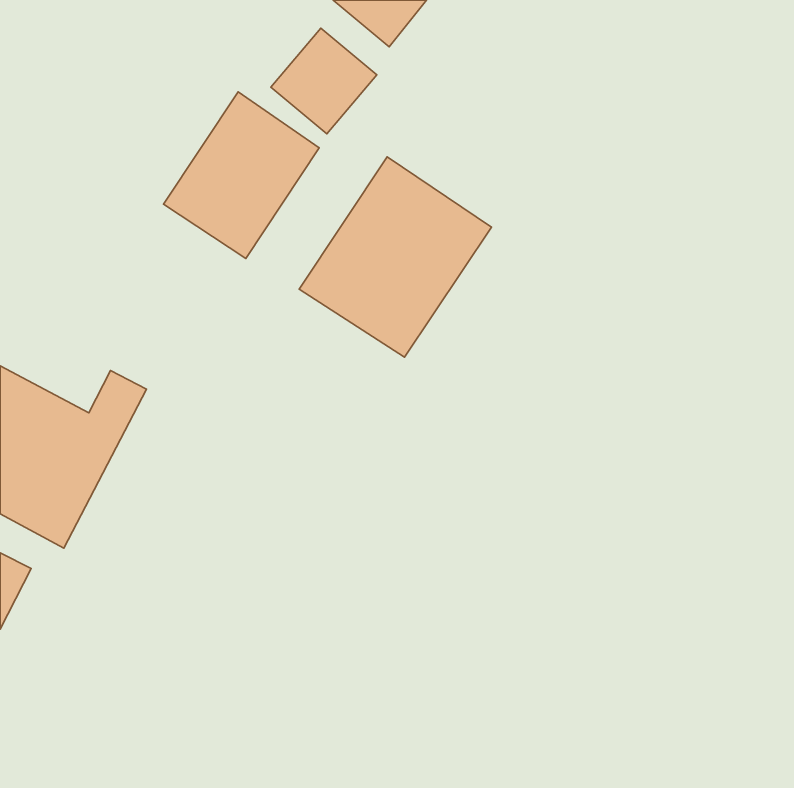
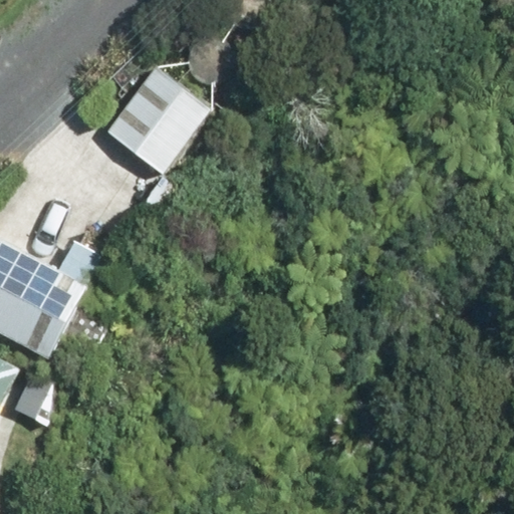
building: [299,157,492,357] -> none

